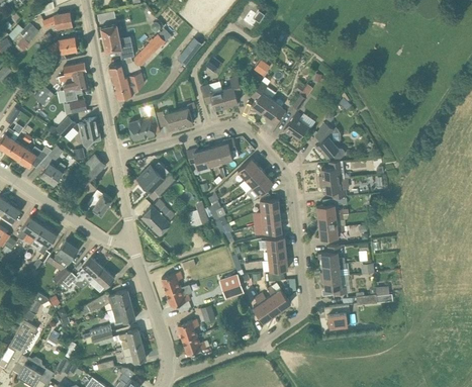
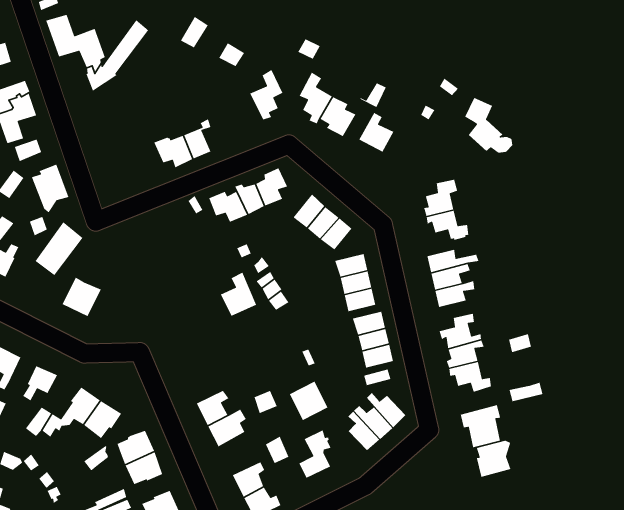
building: [108,65,144,100] -> none
building: [201,84,226,111] -> none
building: [128,118,160,140] -> none
building: [315,123,344,161] -> [464,97,513,154]
building: [136,163,170,193] -> none
building: [140,200,175,235] -> none
building: none -> [298,429,332,479]
building: none -> [476,440,512,478]

